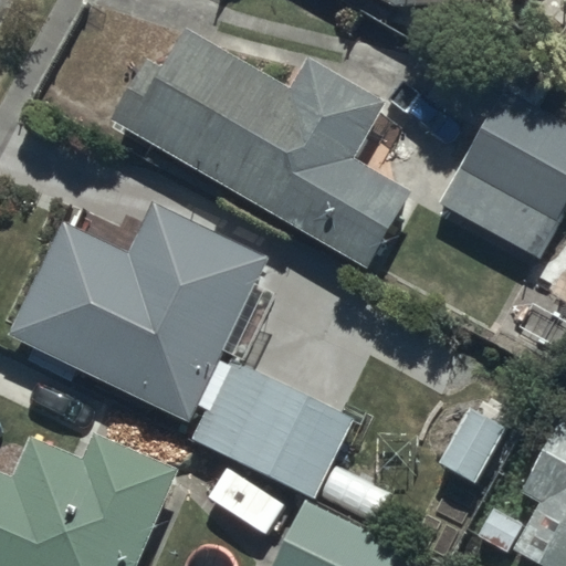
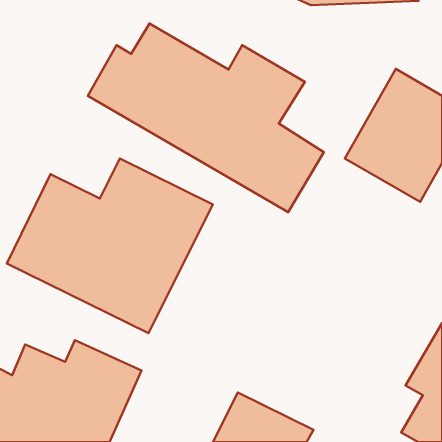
building: [190,356,389,518] -> none

